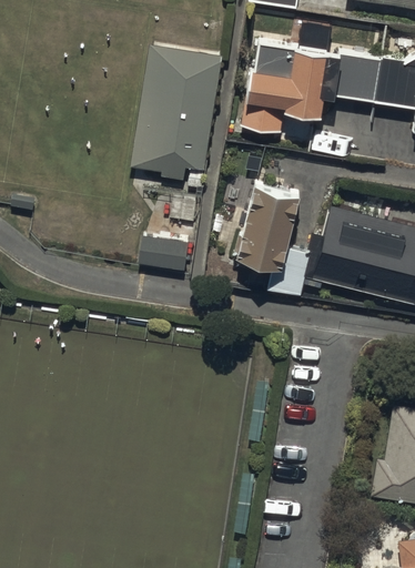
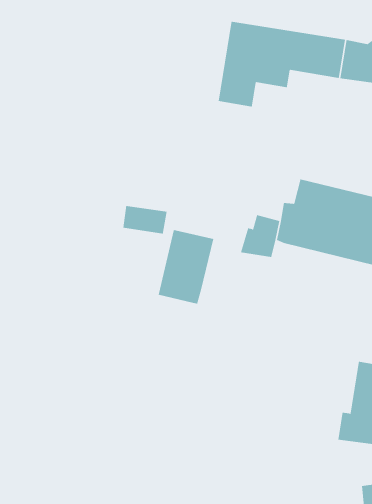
building: [135,50,221,182] -> none
building: [237,184,298,265] -> [158,229,214,304]

